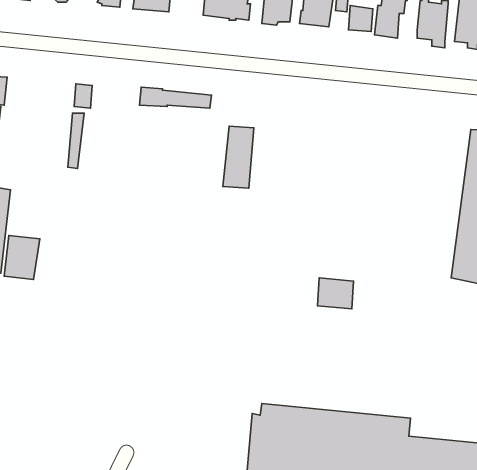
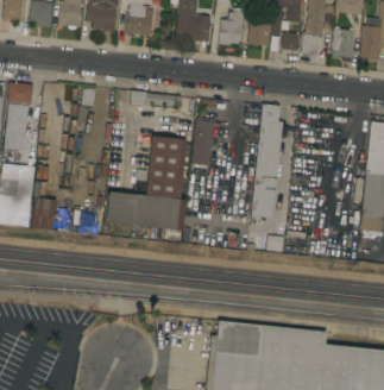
building: none -> [251,103,283,218]
building: none -> [106,136,187,229]

